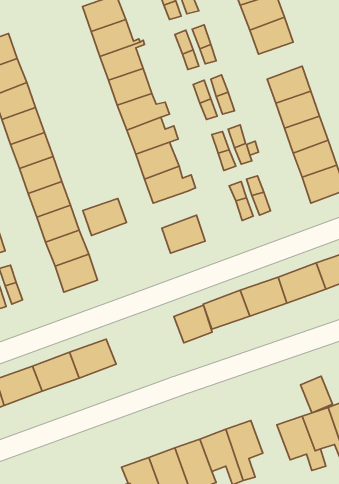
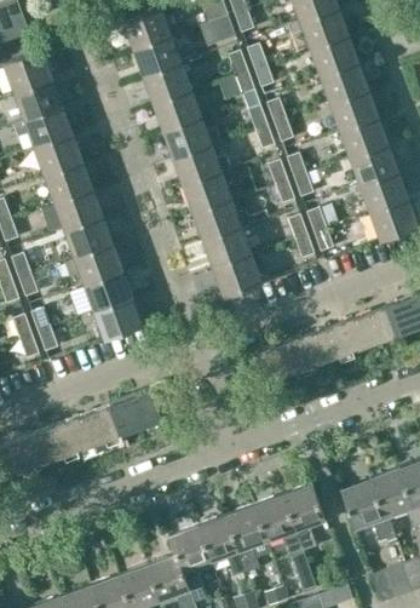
building: none -> [320,62,368,103]
building: [83,198,126,235] -> [202,228,251,269]
building: [174,305,212,343] -> none
building: [300,376,332,413] -> none

